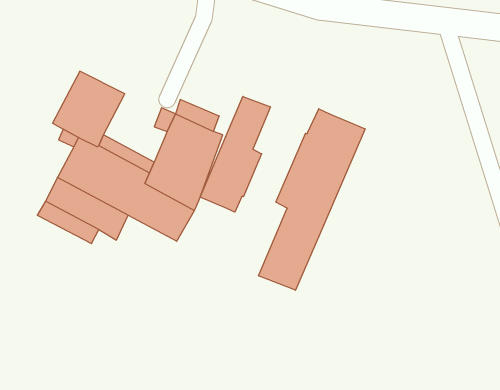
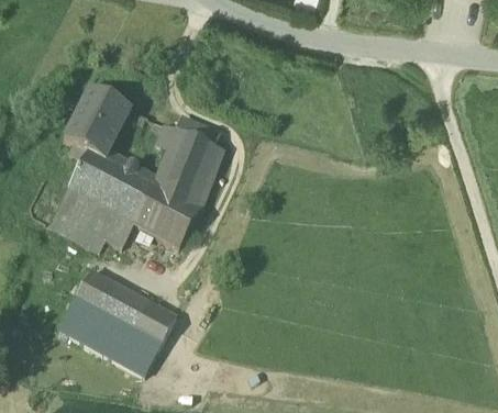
building: [200,96,270,212] -> none
building: [259,109,365,290] -> none
building: none -> [60,274,178,378]

